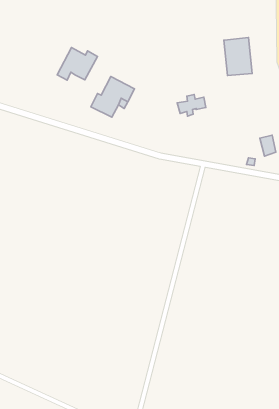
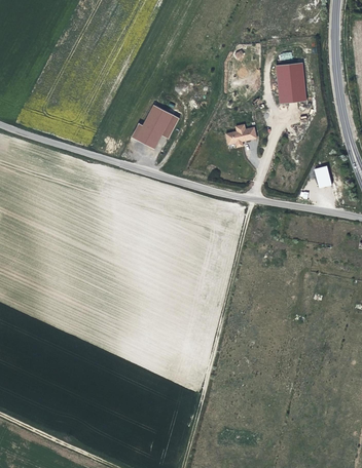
building: [57,48,97,80] -> none

